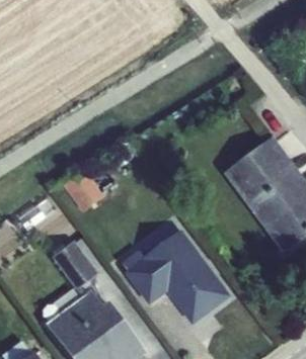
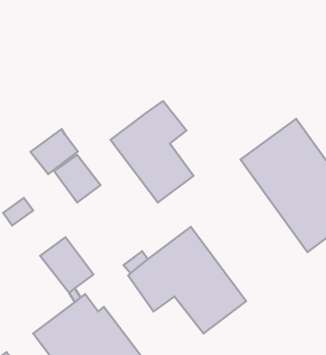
building: none -> [110,101,193,203]
building: none -> [31,129,78,174]

